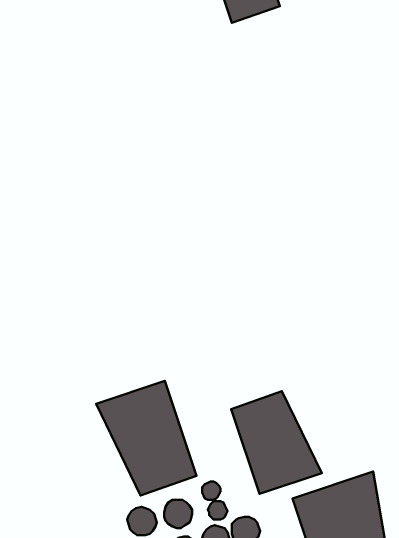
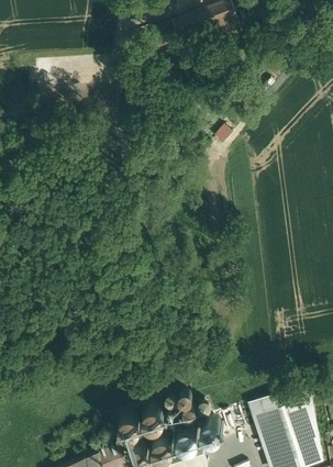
building: [96,381,197,495] -> none
building: [231,391,322,494] -> none

